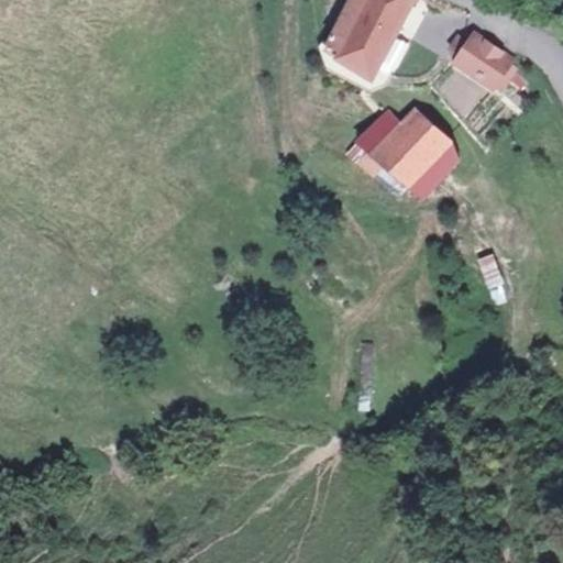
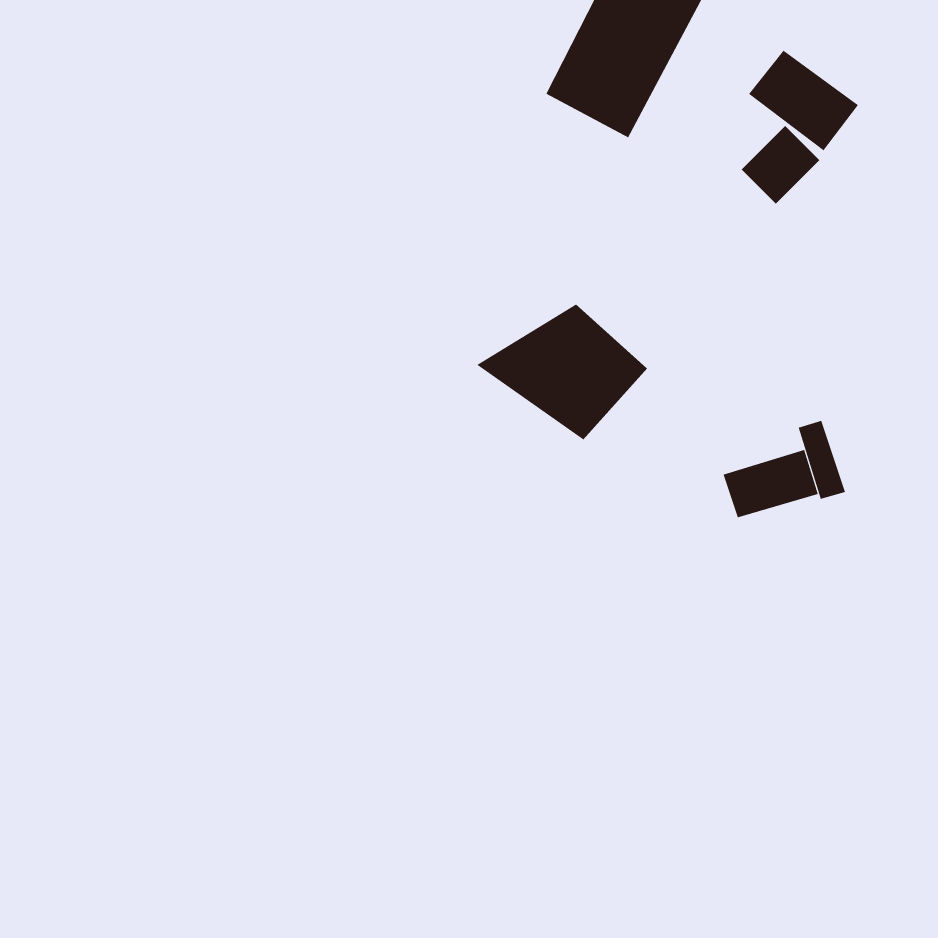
building: [351,104,453,186] -> [476,304,648,440]
building: none -> [723,449,819,518]

